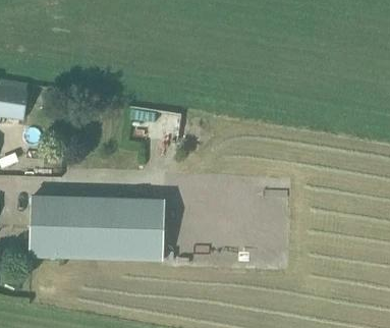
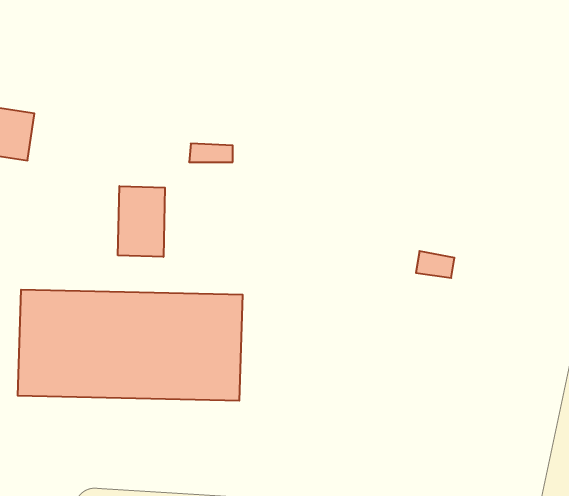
building: none -> [118,186,165,257]

